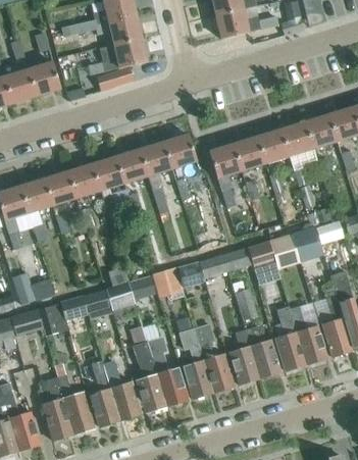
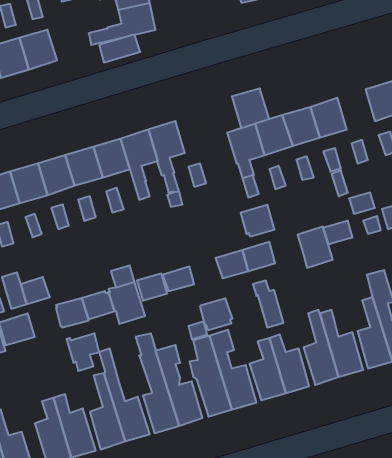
building: [305,113,338,148] -> none
building: [164,134,197,168] -> [232,88,269,128]
building: [246,239,275,266] -> [241,205,275,236]
building: [176,260,205,288] -> [200,298,233,330]
building: [36,303,64,336] -> [66,333,99,371]

